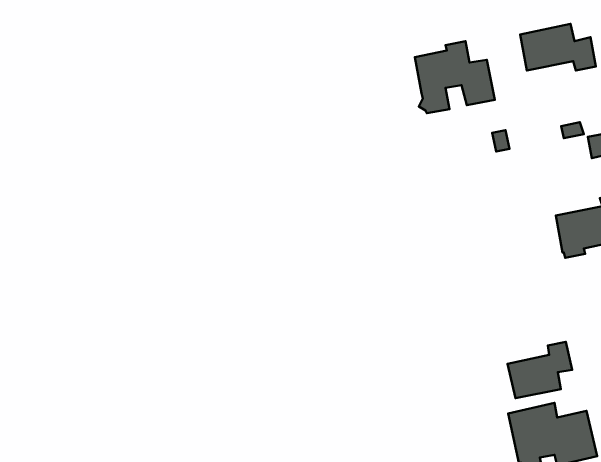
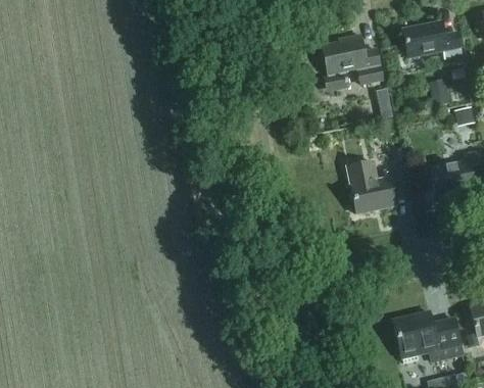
building: none -> [346,159,405,212]
building: [508,342,572,398] -> none

